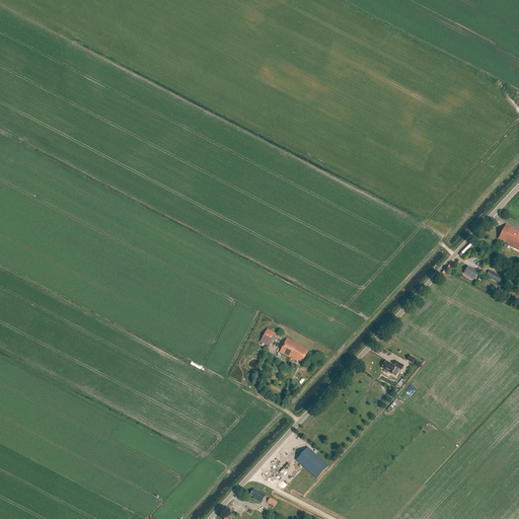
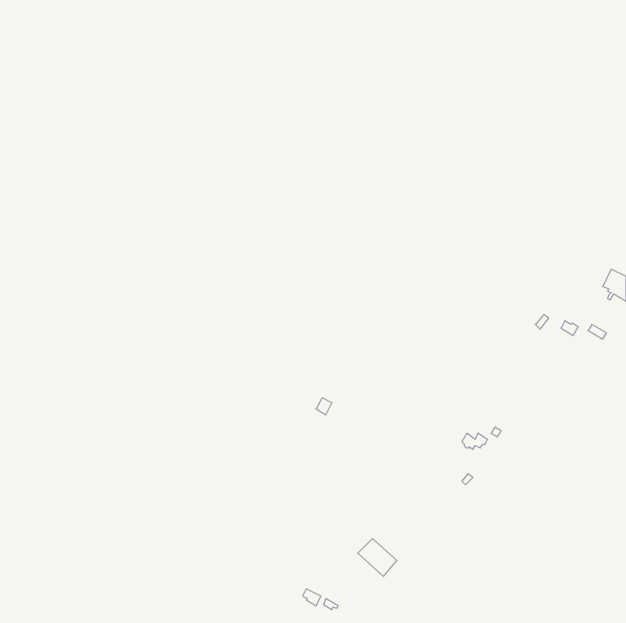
building: [280,337,308,361] -> none

